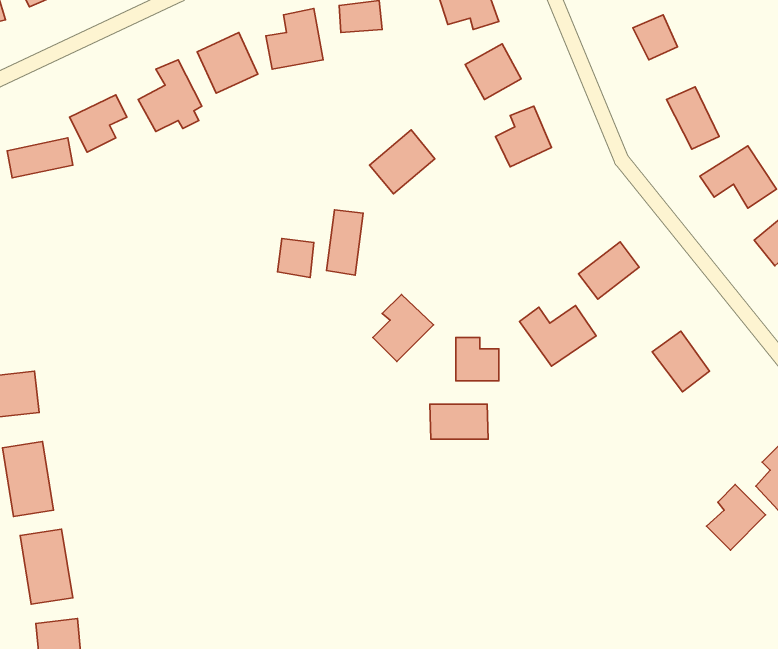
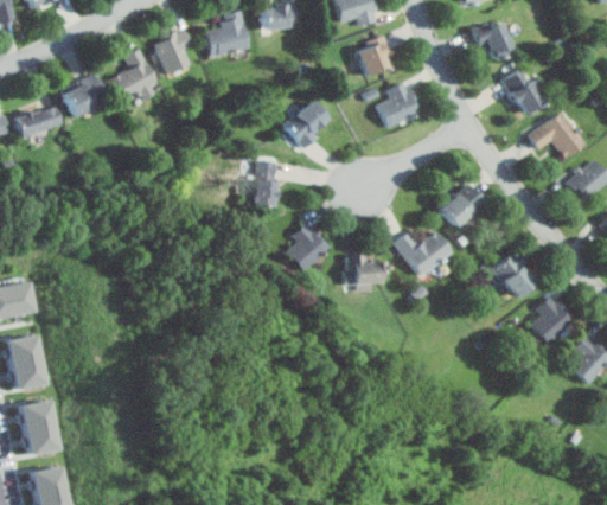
building: [278,238,314,277] -> none
building: [430,404,488,439] -> none
building: [707,485,766,550] -> [529,294,573,343]

